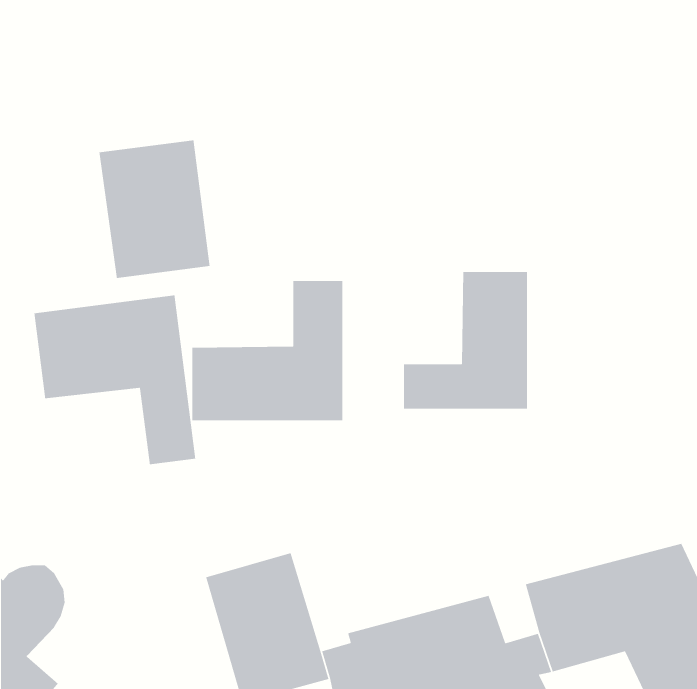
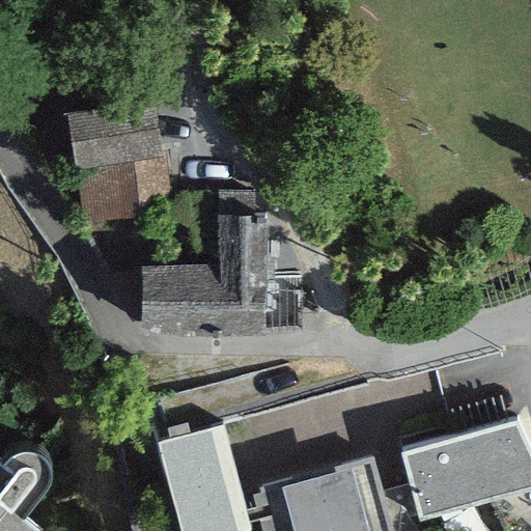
building: [403,271,528,410] -> none
building: [33,295,196,465] -> none

